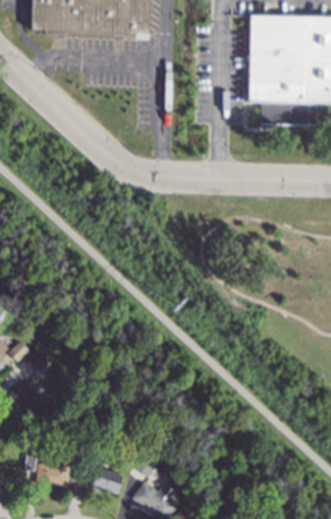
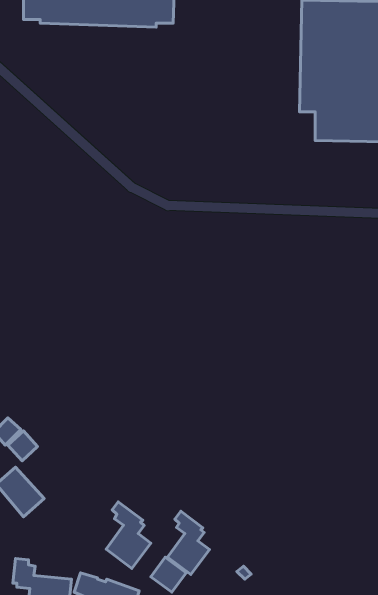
building: none -> [106,502,151,568]
building: none -> [167,511,210,574]

